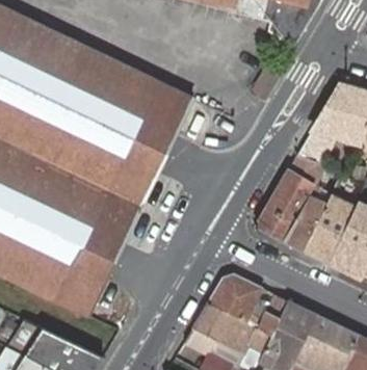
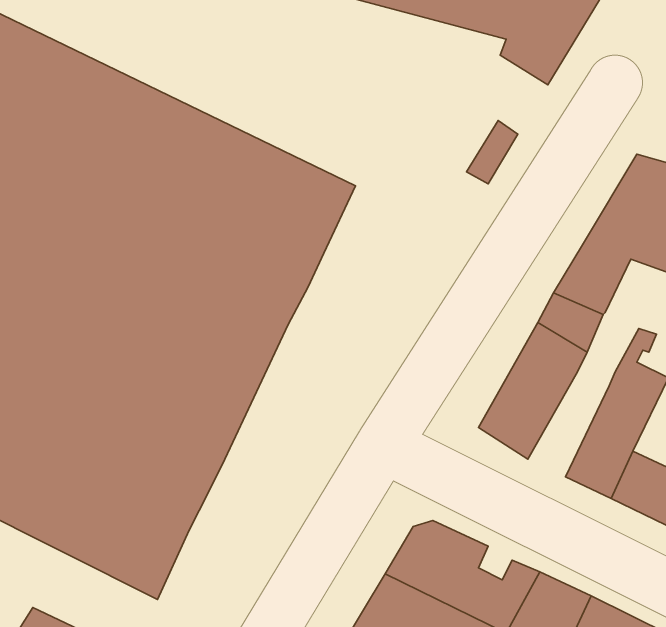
building: [283,196,325,252] -> none

